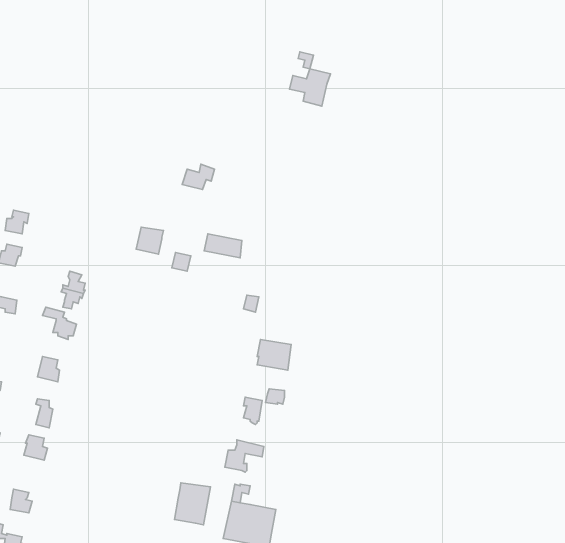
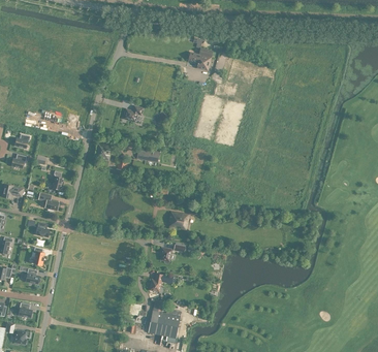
building: [174,483,210,525] -> none

